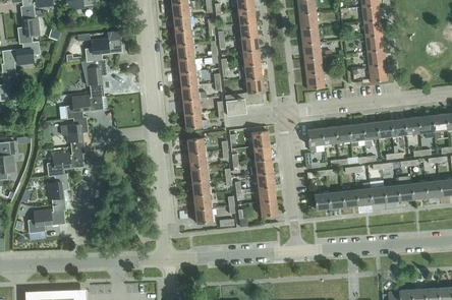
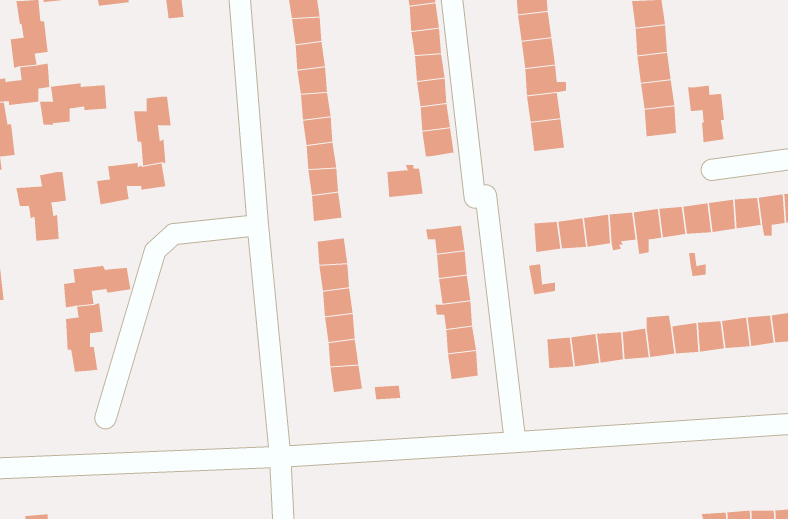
building: [84,38,122,61] -> [39,83,107,125]
building: none -> [688,85,725,143]
building: [60,116,89,155] -> [15,171,67,241]
building: [27,209,65,233] -> none

